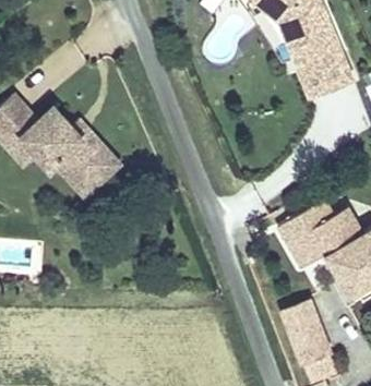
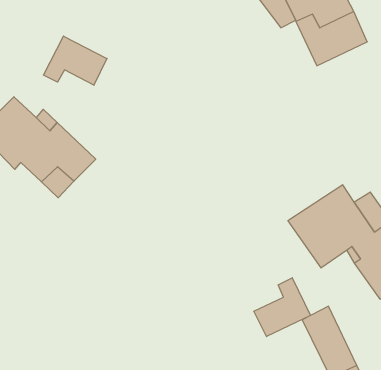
building: none -> [43,36,107,85]
building: none -> [254,278,310,337]

